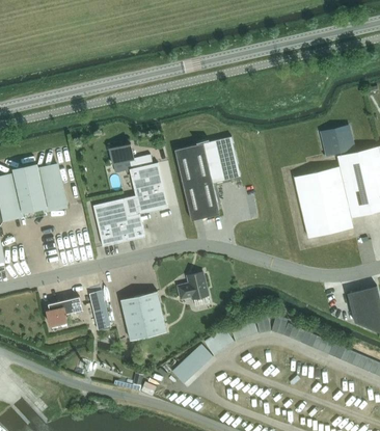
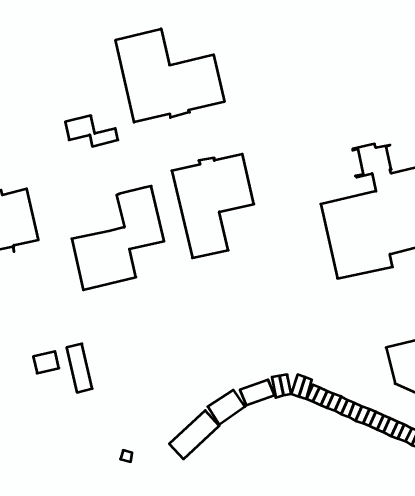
building: none -> [116,29,224,122]
building: [110,143,153,168] -> [65,116,118,146]
building: [178,271,209,299] -> none
building: [120,291,166,340] -> none
building: [47,300,67,329] -> none

